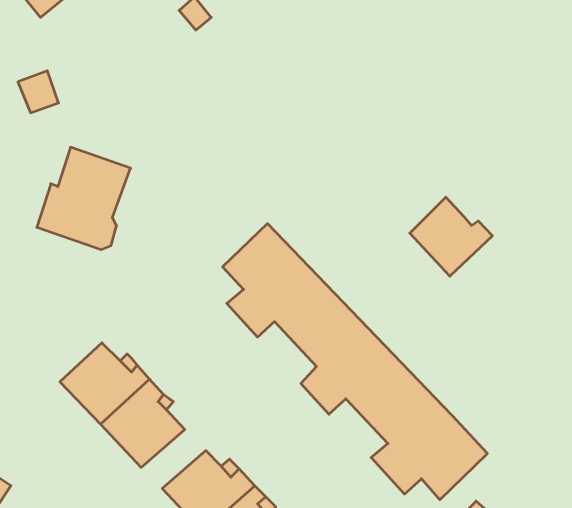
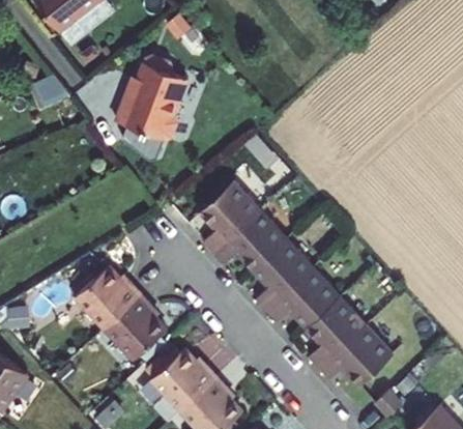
building: [37,147,131,250] -> [118,65,187,141]
building: [410,197,492,276] -> none

